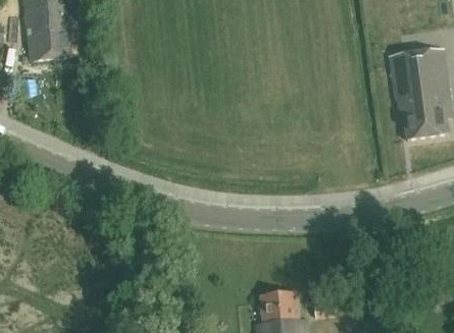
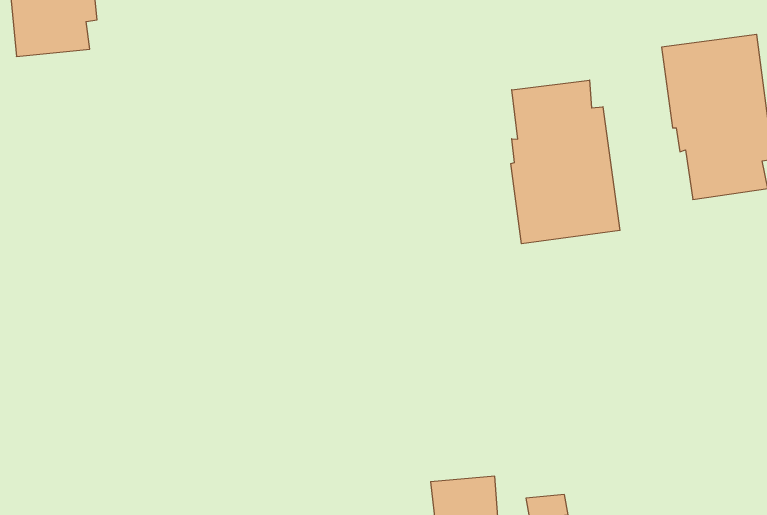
building: none -> [511,80,620,244]

